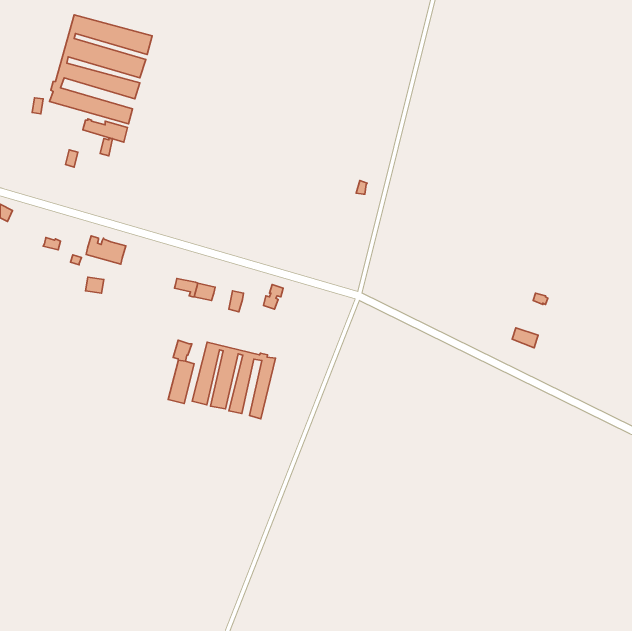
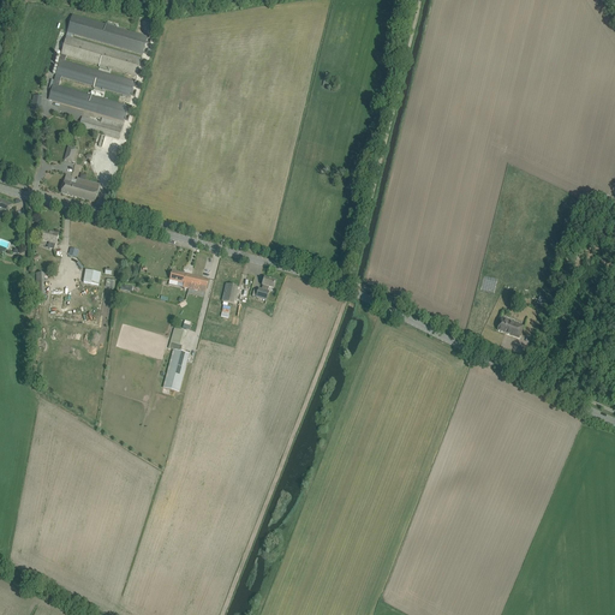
building: [86,236,126,264] -> [61,174,100,202]
building: [192,342,275,419] -> none

